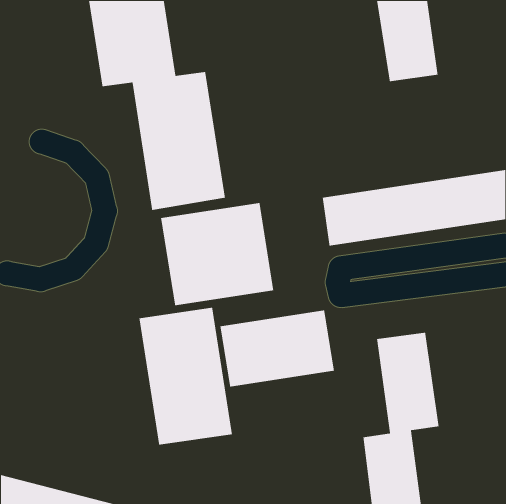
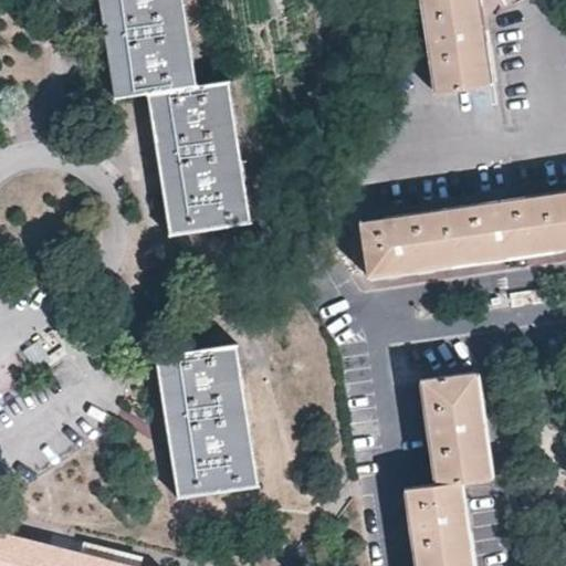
building: [160,202,274,306] -> none
building: [219,310,335,387] -> none

